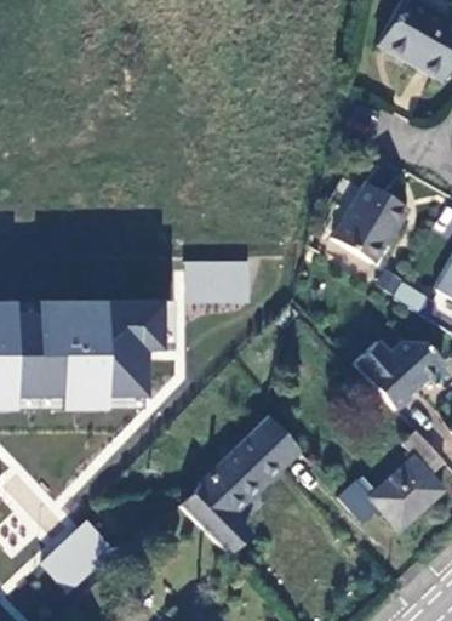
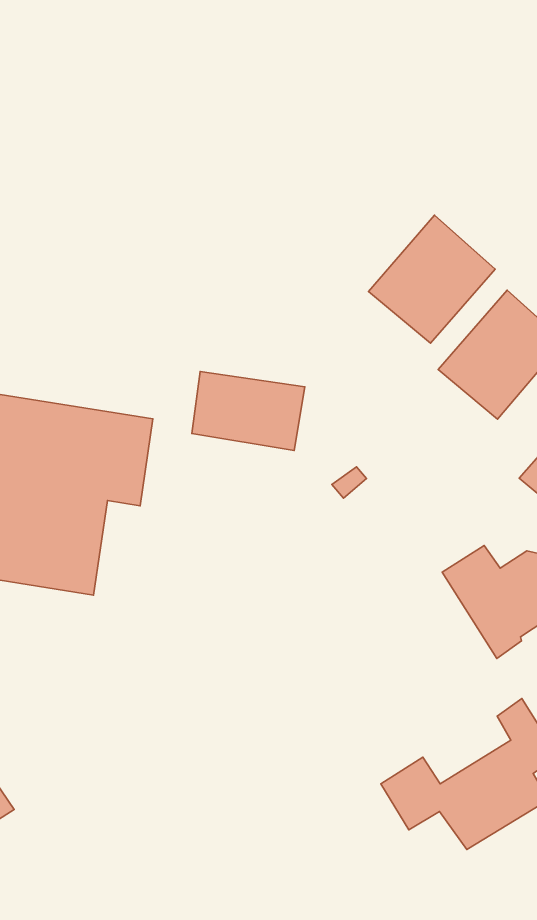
building: none -> [369,215,495,343]
building: [184,416,307,553] -> none

